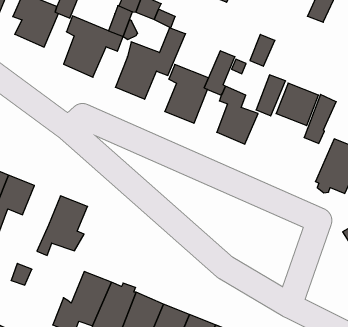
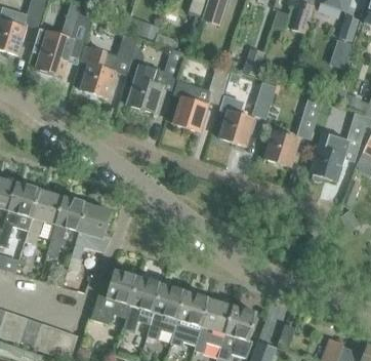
building: [276,83,319,126] -> [263,130,299,166]
building: none -> [46,197,87,256]

